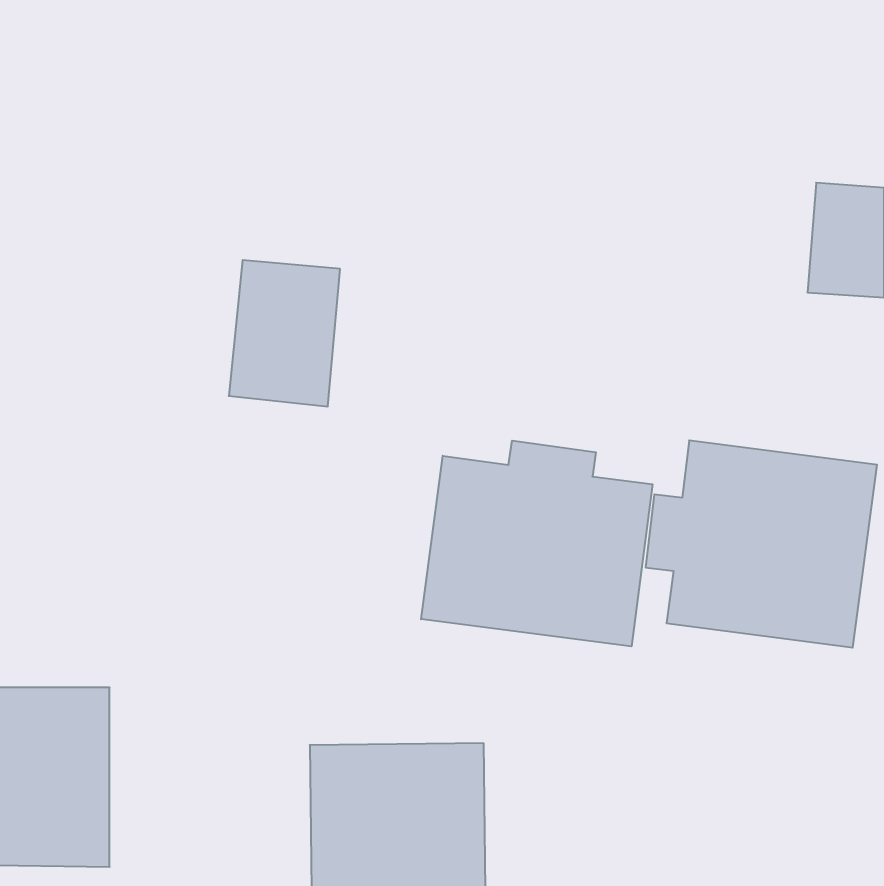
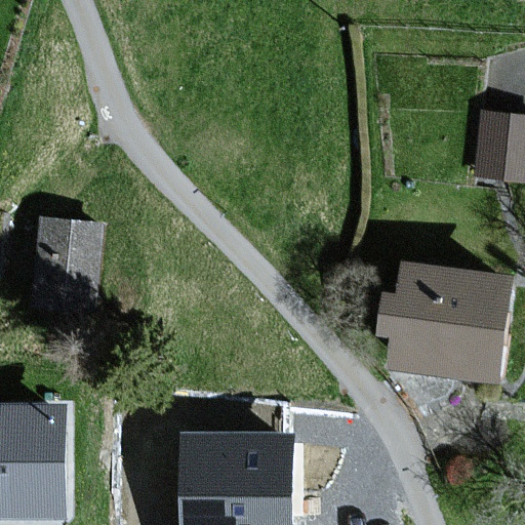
building: [229,260,340,406] -> [35,221,100,308]
building: [421,441,653,646] -> none

